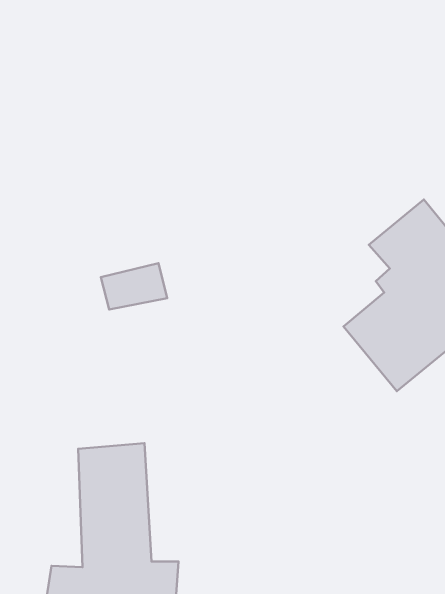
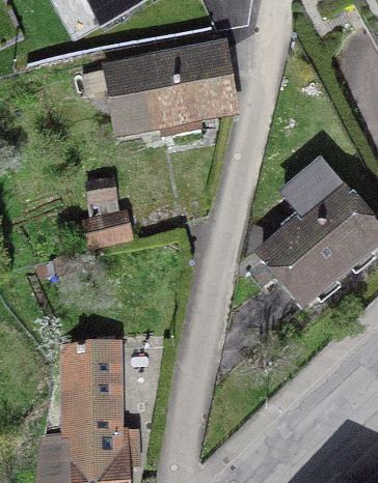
building: none -> [111,41,235,127]

